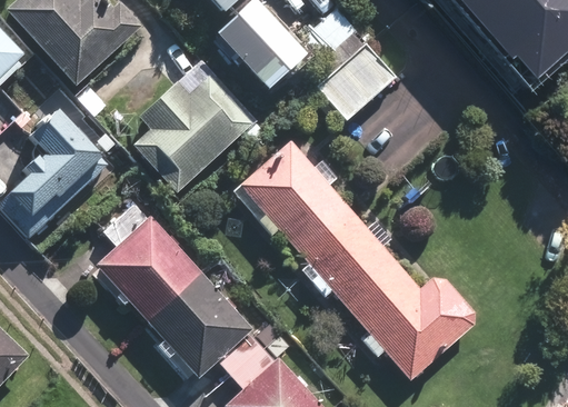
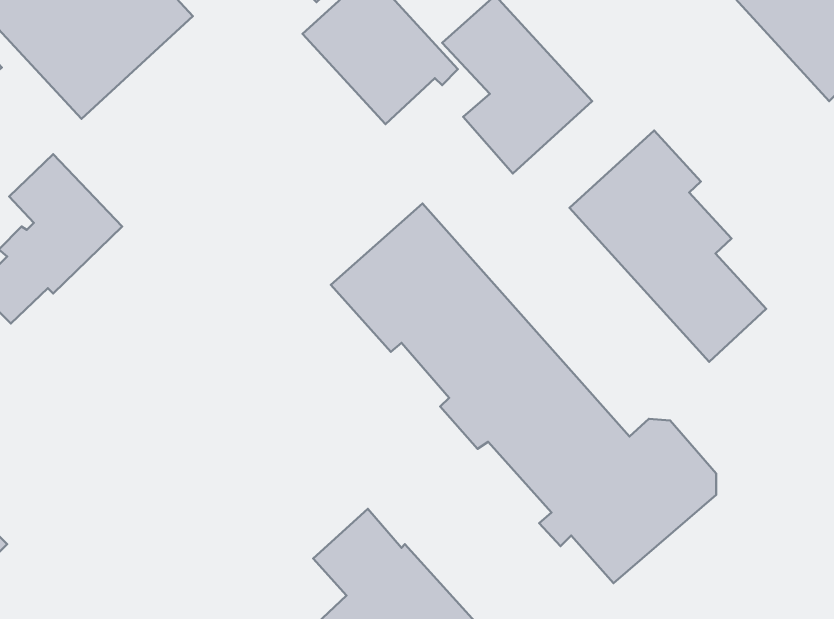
building: [131,61,267,196] -> none
building: none -> [569,131,766,362]
building: [93,205,251,379] -> none

